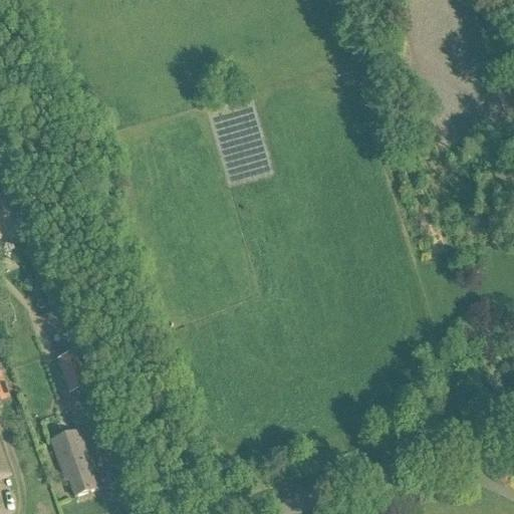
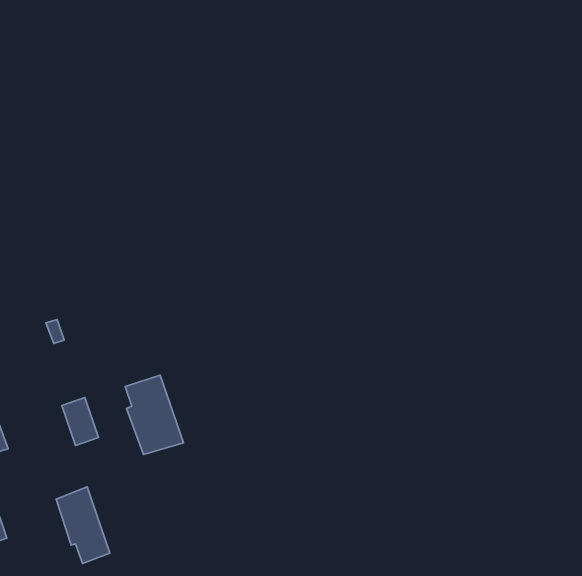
building: none -> [125,375,183,455]

